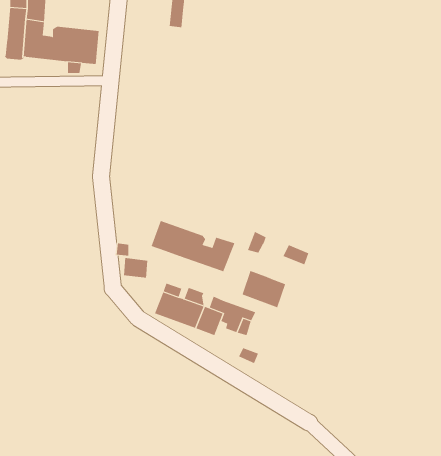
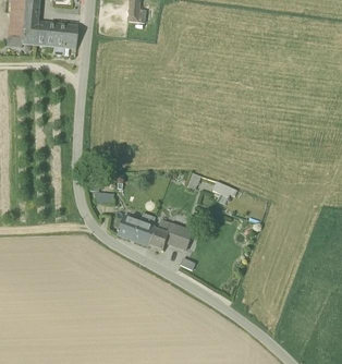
building: [151,220,235,272] -> none
building: [242,270,286,308] -> none

